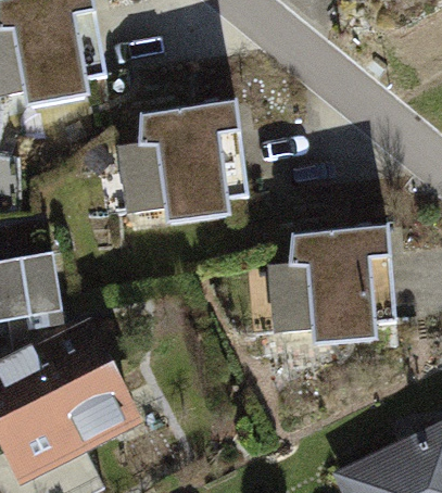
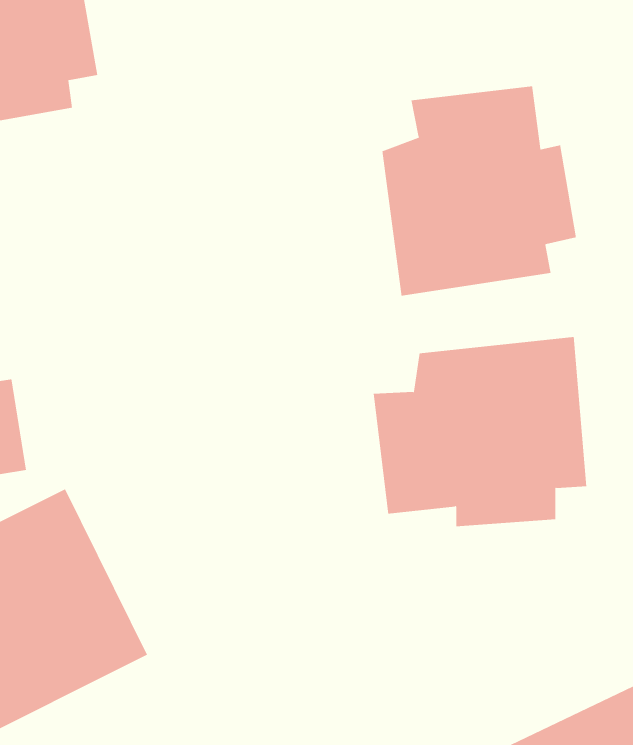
building: none -> [382,86,576,296]
building: [118,104,243,220] -> none

